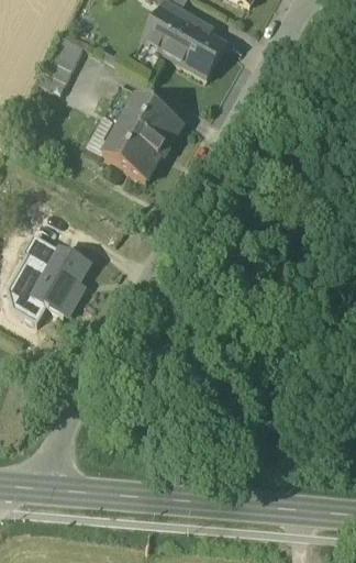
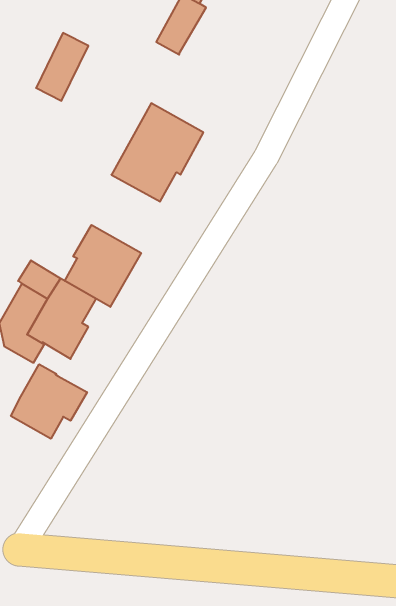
building: [163,10,226,75] -> none
building: none -> [65,225,141,307]
building: none -> [11,364,87,439]

